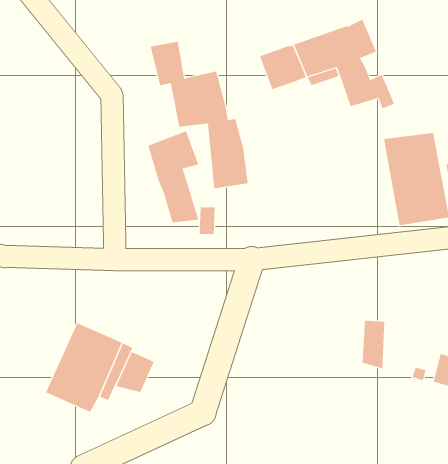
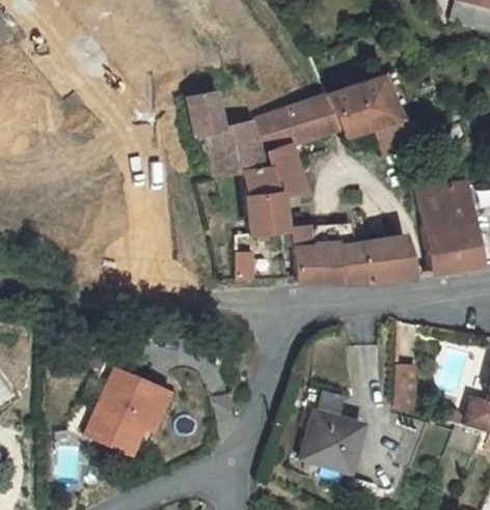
building: [147,131,199,223] -> [256,106,307,196]
building: none -> [293,225,413,282]
building: none -> [302,387,364,472]
building: [115,351,154,393] -> none

